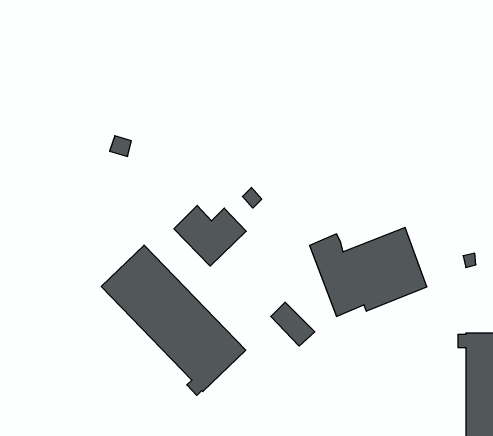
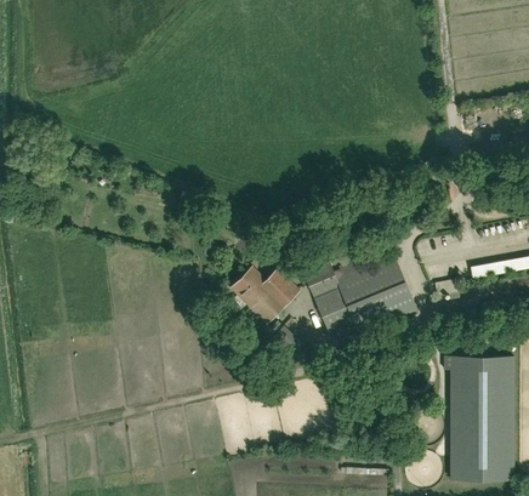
building: [174,205,246,266] -> [231,266,298,323]
building: [101,245,246,395] -> none

